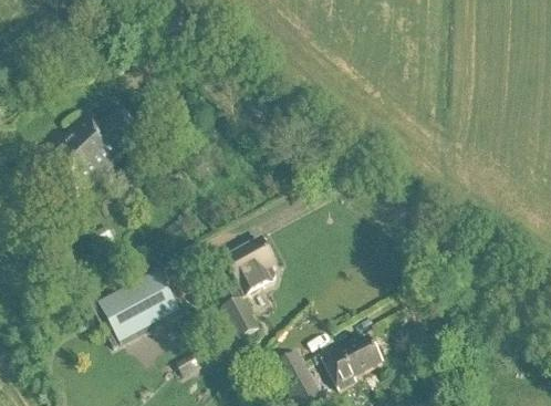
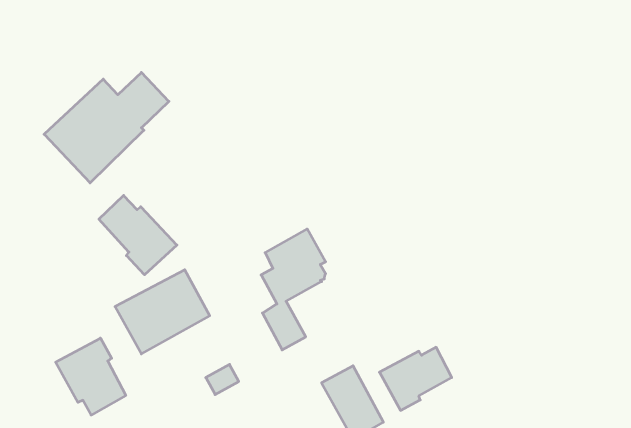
building: none -> [99,195,177,275]
building: none -> [56,338,126,415]

